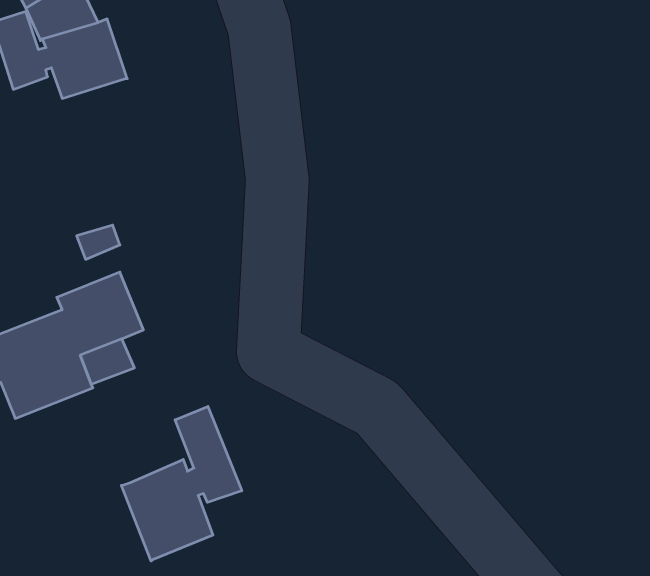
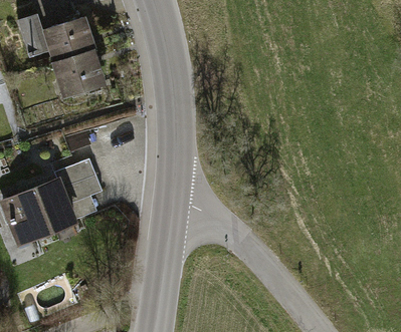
building: none -> [55,50,102,94]
building: [121,406,242,561] -> none

